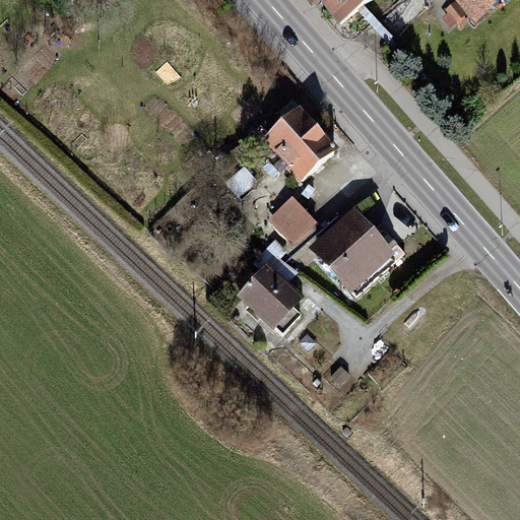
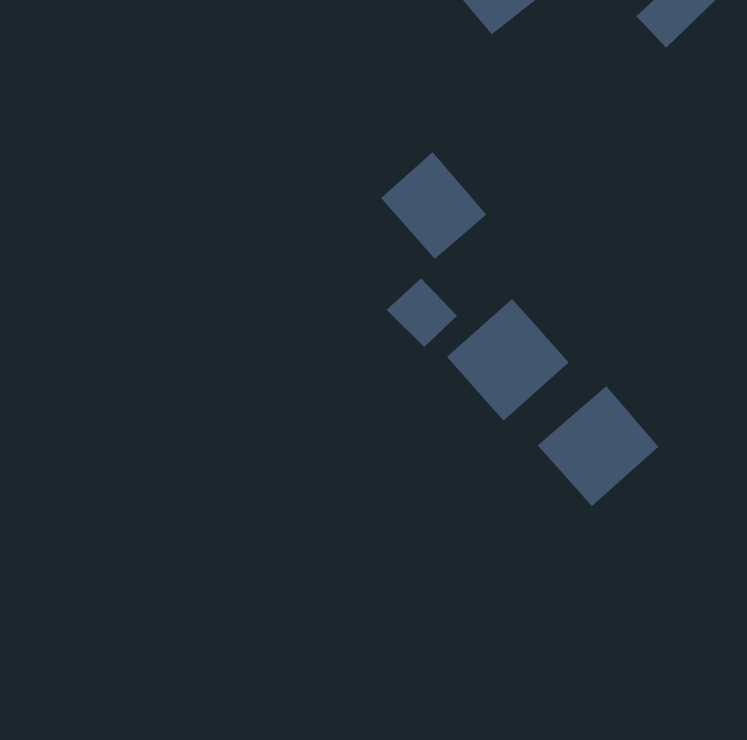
building: [238,264,303,328] -> none
building: none -> [537,385,659,507]

